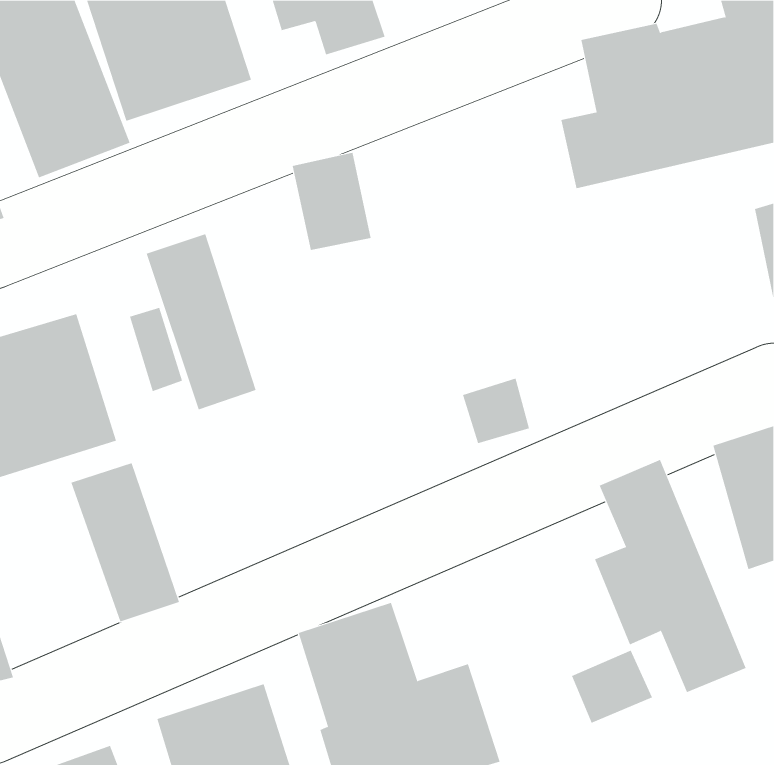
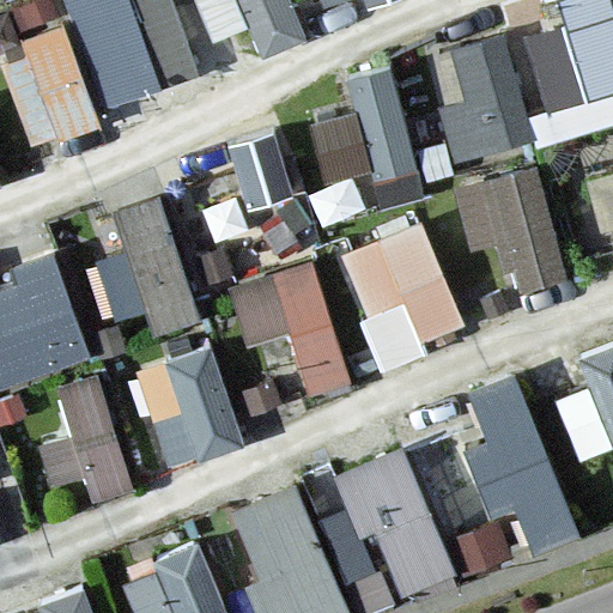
building: none -> [306,67,426,207]
building: none -> [449,165,568,293]
building: none -> [336,224,461,345]
building: none -> [226,260,354,400]
building: none -> [131,346,242,471]
building: none -> [332,448,456,605]

